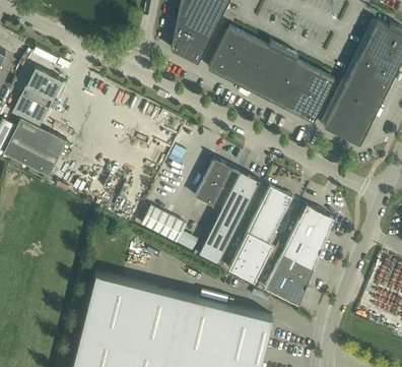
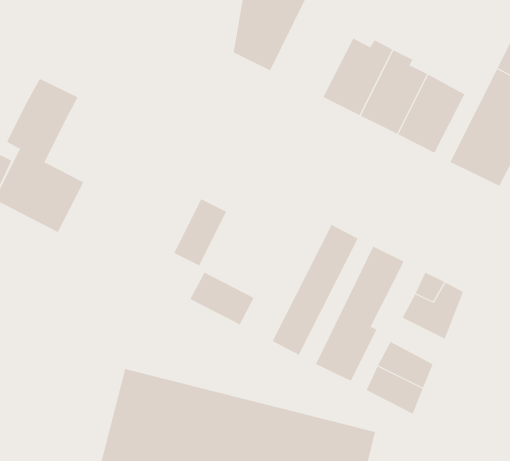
building: [208,26,256,81] -> none
building: [195,159,232,206] -> [174,198,227,266]
building: [282,237,321,269] -> none

